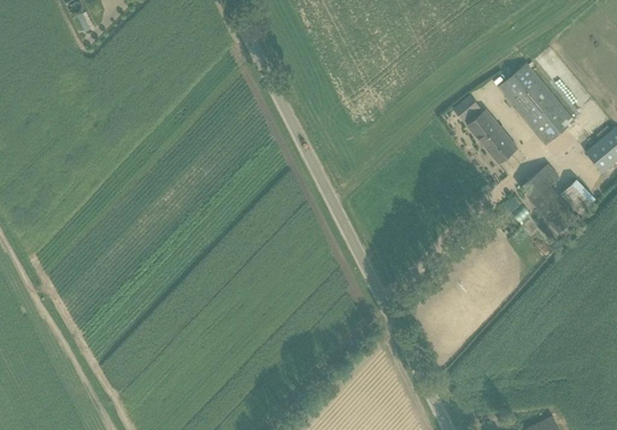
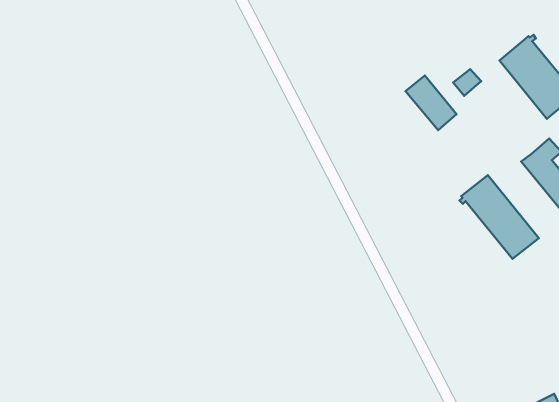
building: [466,110,517,164] -> [405,75,456,130]
building: none -> [460,175,539,259]

